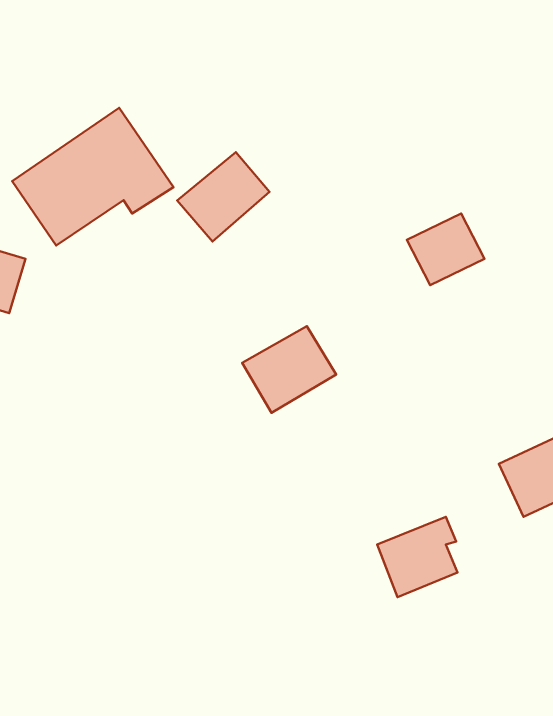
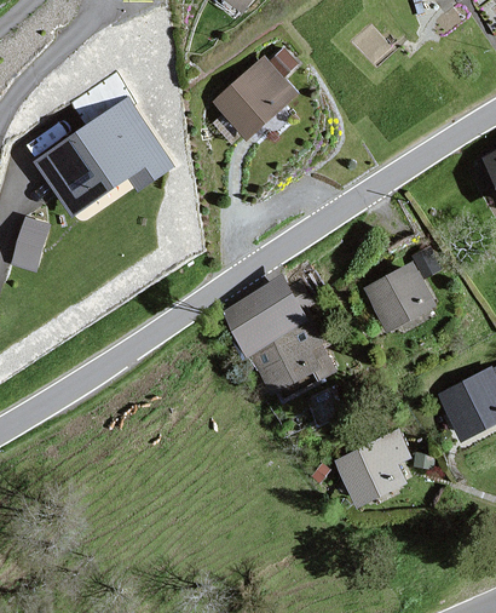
building: [177,152,270,242] -> [215,59,292,133]
building: [407,213,485,285] -> [367,267,431,326]
building: none -> [253,327,319,389]

